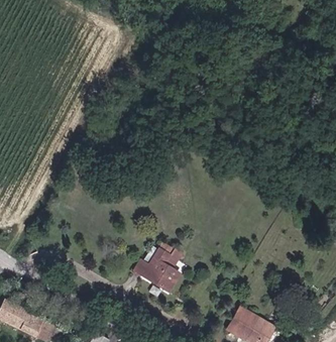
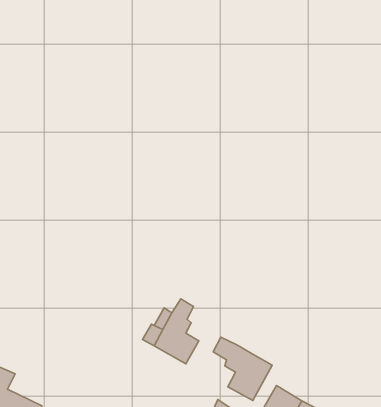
building: none -> [213,337,272,401]

